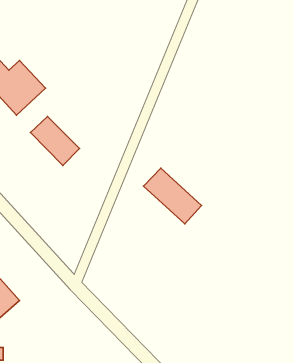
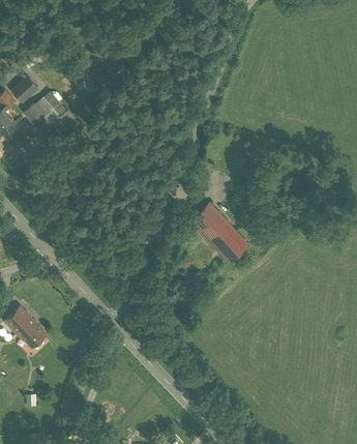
building: [31,116,80,166] -> none

